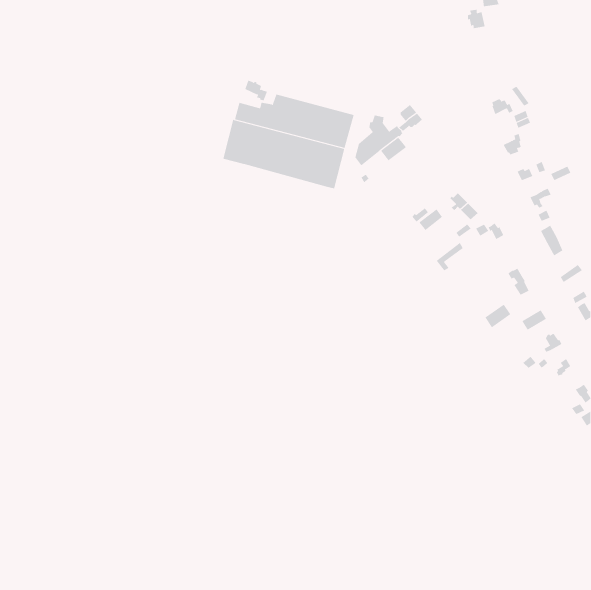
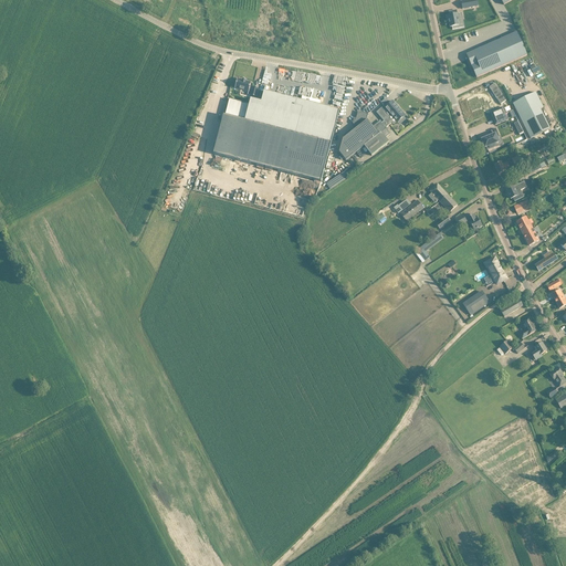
building: none -> [465,30,526,75]
building: none -> [512,90,548,136]

